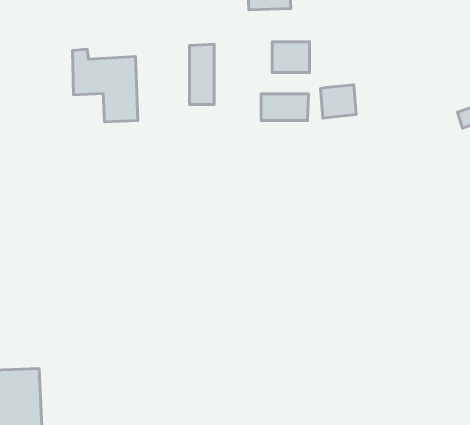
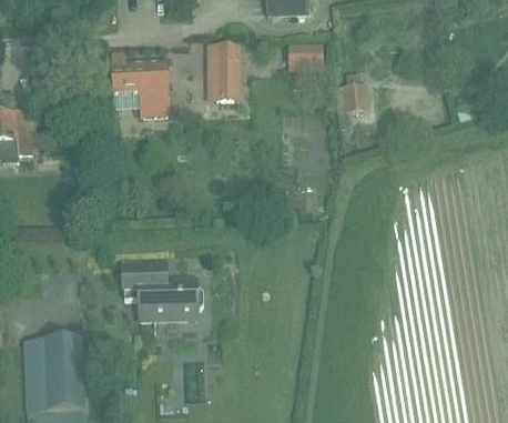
building: [261,94,309,120] -> none
building: none -> [123,261,203,320]

